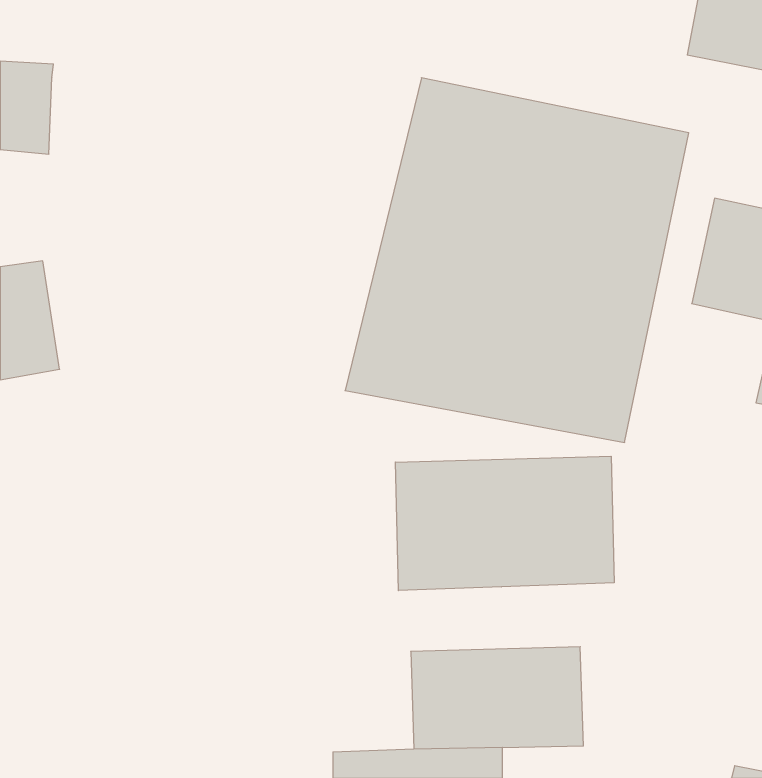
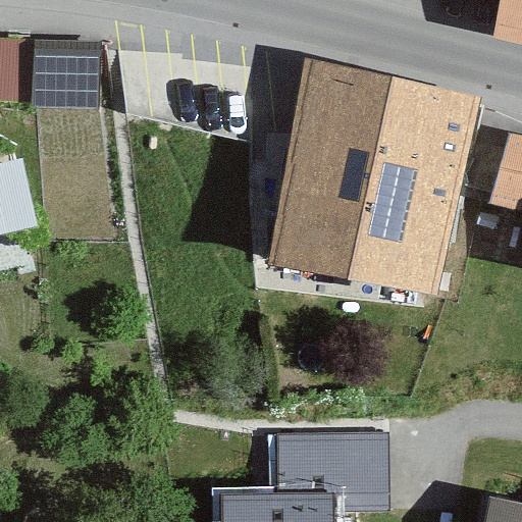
building: none -> [45,52,103,110]
building: [395,456,614,591] -> none

